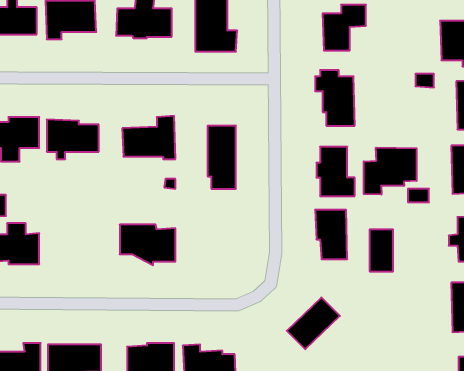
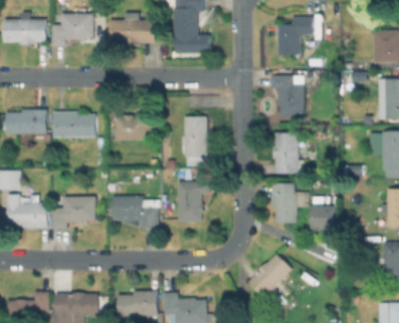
building: [364,148,417,195] -> none
building: none -> [177,182,209,222]
building: none -> [53,197,95,229]

